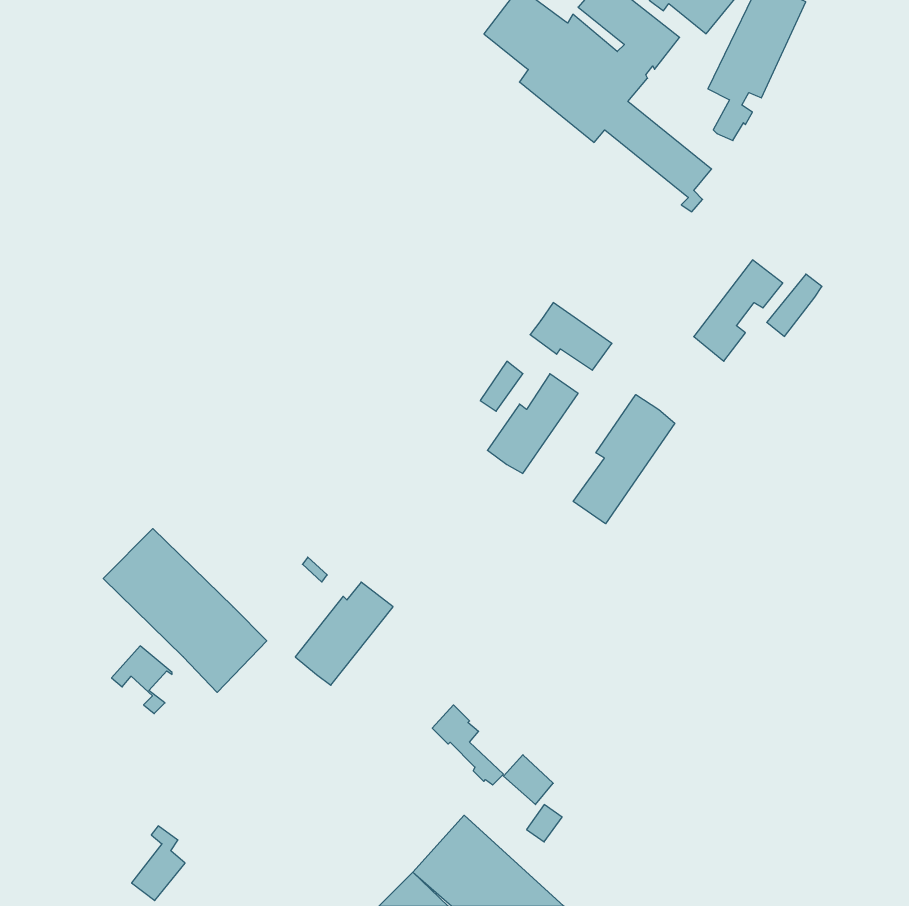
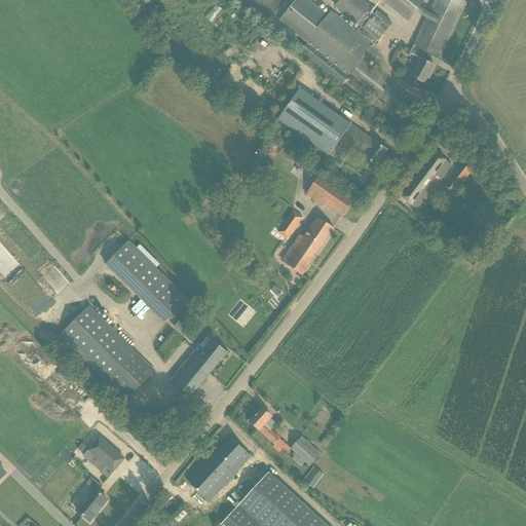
building: none -> [278,85,387,164]
building: [573,395,675,524] -> none
building: none -> [105,239,188,322]
building: [112,646,172,714] -> [77,431,112,471]
building: none -> [190,438,251,500]

